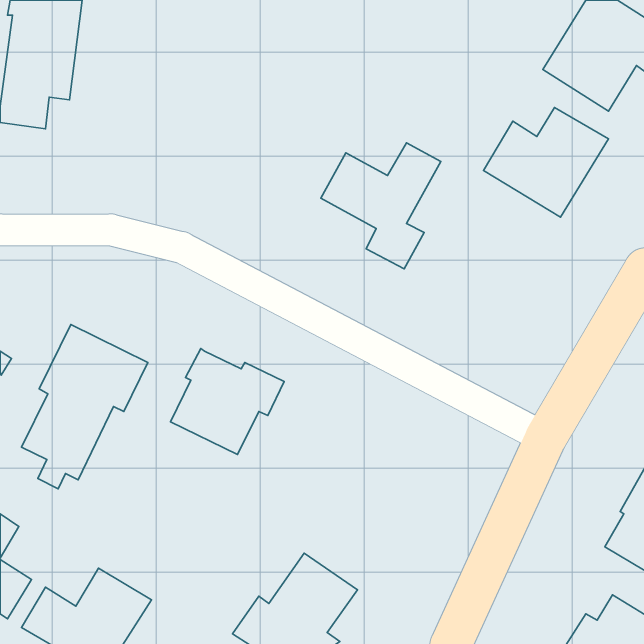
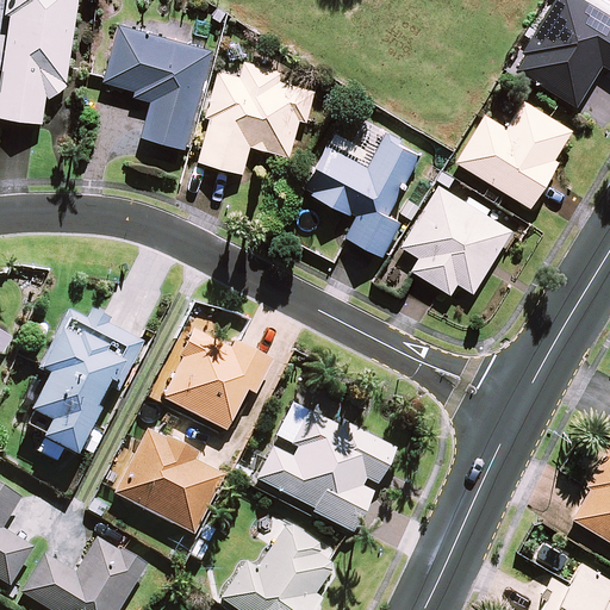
building: none -> [104,25,213,148]
building: none -> [200,62,315,172]
building: none -> [403,168,512,293]
building: none -> [256,405,392,533]
building: none -> [100,430,220,534]

